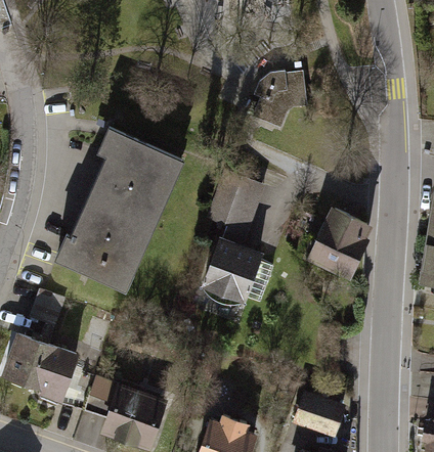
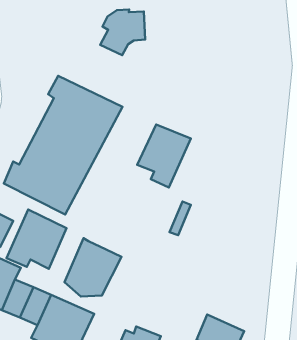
building: [253,74,305,128] -> [100,9,145,55]
building: [307,210,368,280] -> none
building: [201,235,265,304] -> [64,238,122,296]
building: none -> [7,210,66,269]

